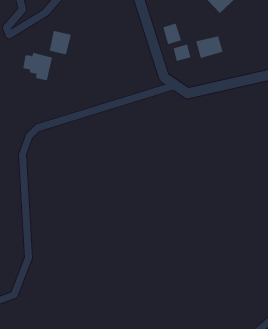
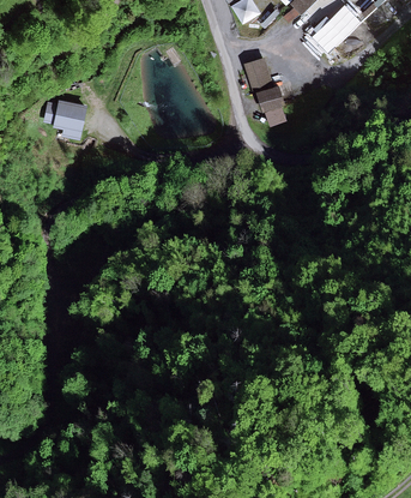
building: [49,30,72,55] -> none
building: [195,35,223,59] -> none

